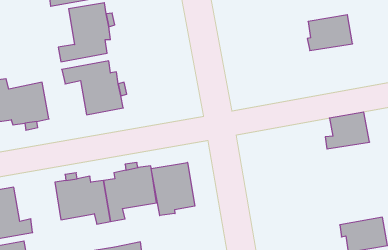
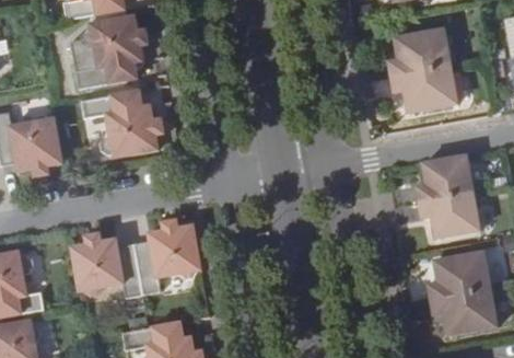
building: none -> [397,67,458,114]
building: none -> [419,193,480,236]
building: [151,162,195,216] -> none
building: none -> [432,252,490,299]

